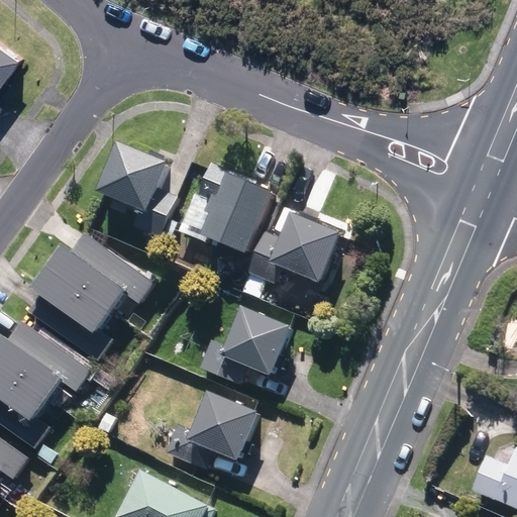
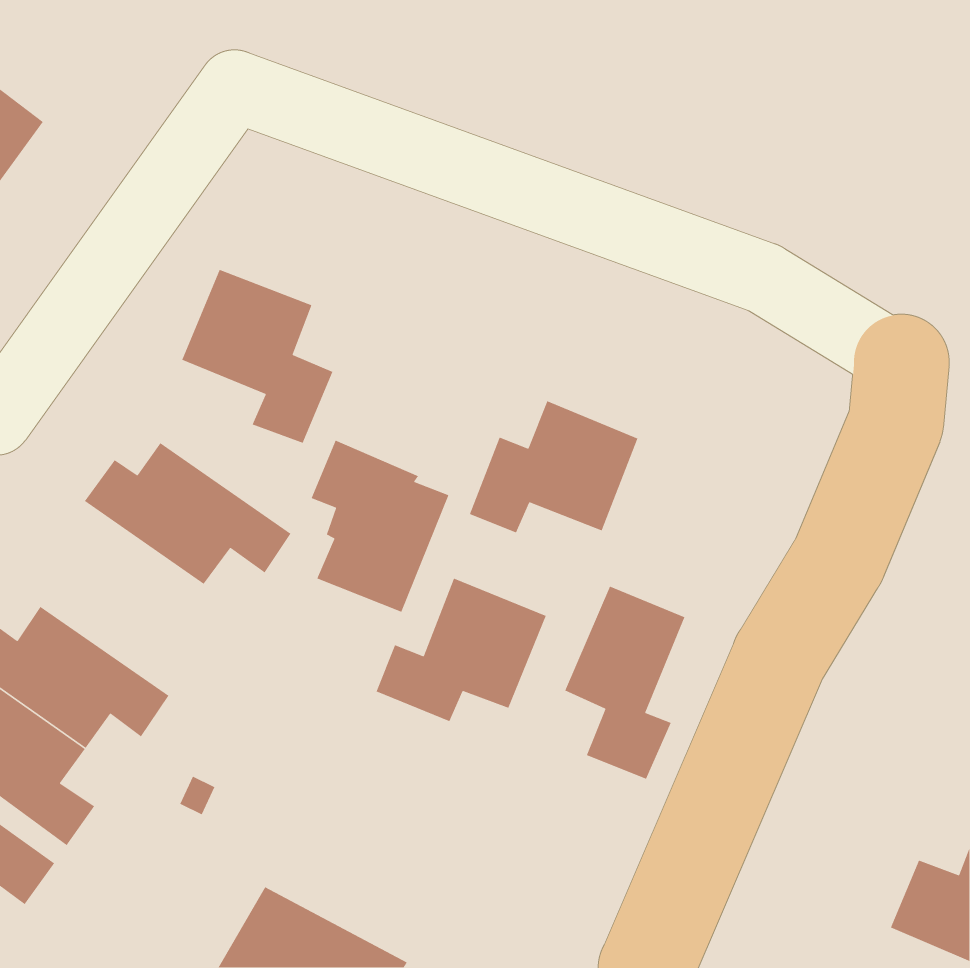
building: [198,163,272,254] -> [311,440,450,613]
building: [29,266,114,361] -> none
building: none -> [564,586,686,780]
building: [167,391,257,471] -> none

